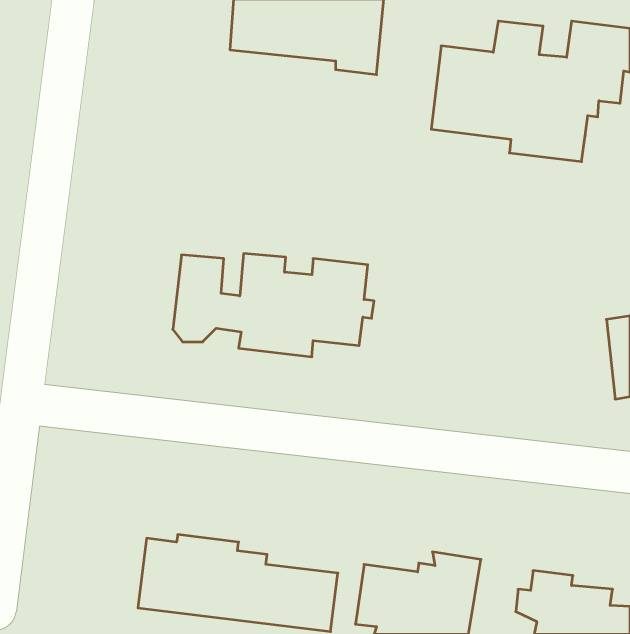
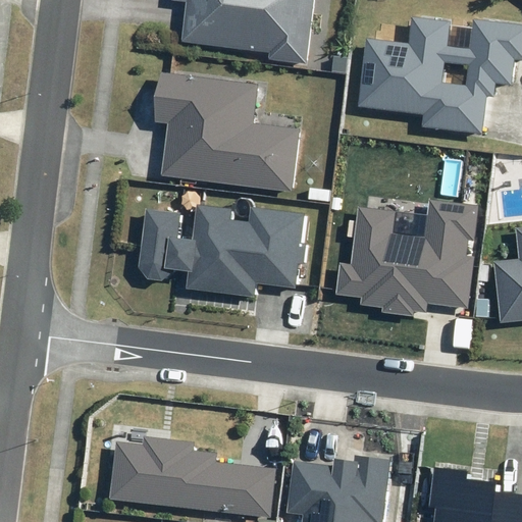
building: none -> [156,71,299,192]
building: none -> [327,200,475,320]

